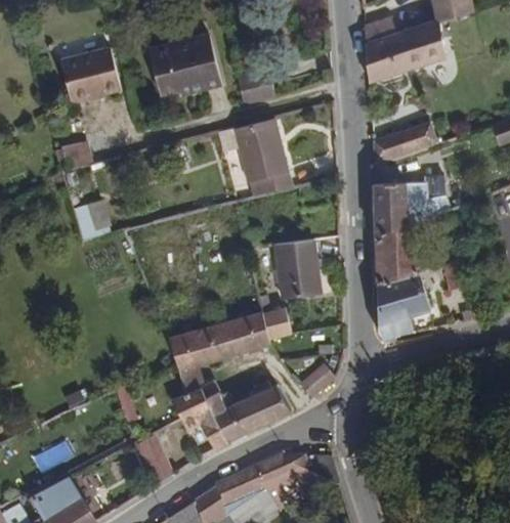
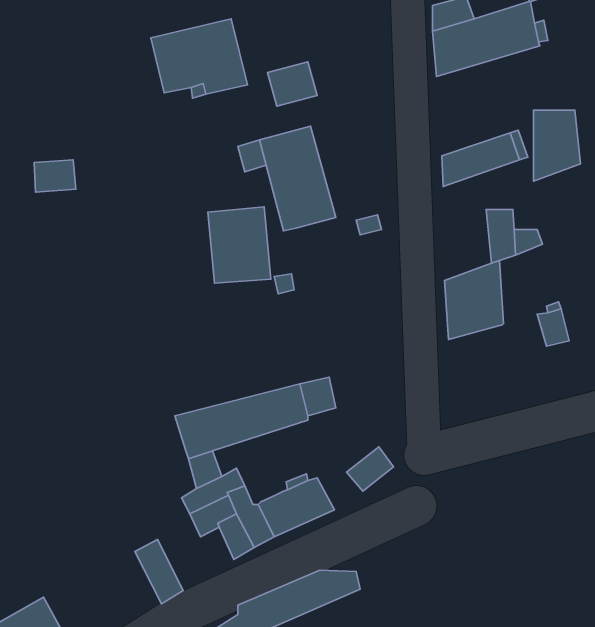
building: [60,48,121,103] -> none
building: [374,181,410,235] -> [533,110,580,181]
building: [76,201,112,238] -> none
building: [273,242,322,300] -> [208,207,271,283]
building: [377,269,428,340] -> none

